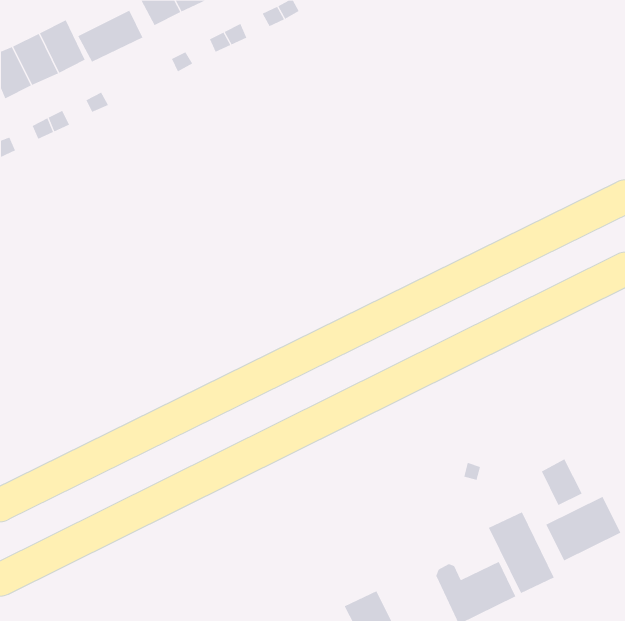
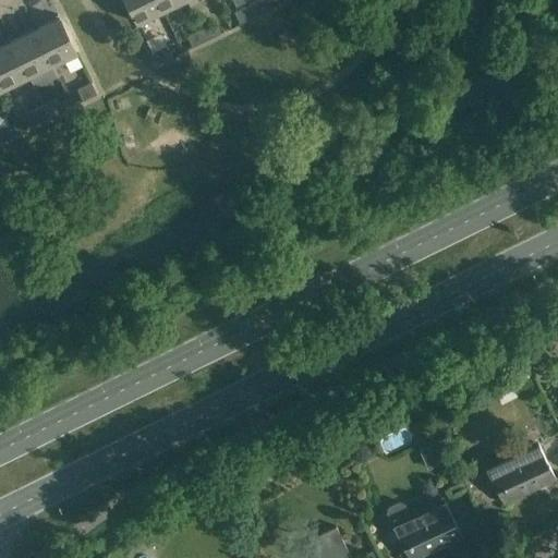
building: [77,10,143,63] -> none
building: [541,459,582,506] -> none
building: [488,511,555,594] -> none

